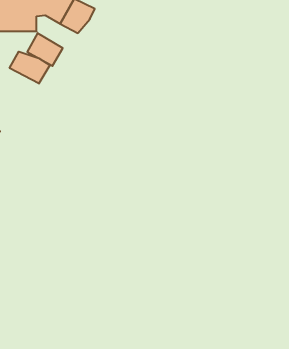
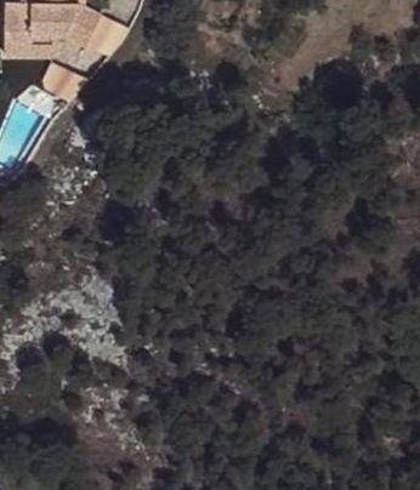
building: [10,52,50,84] -> none

